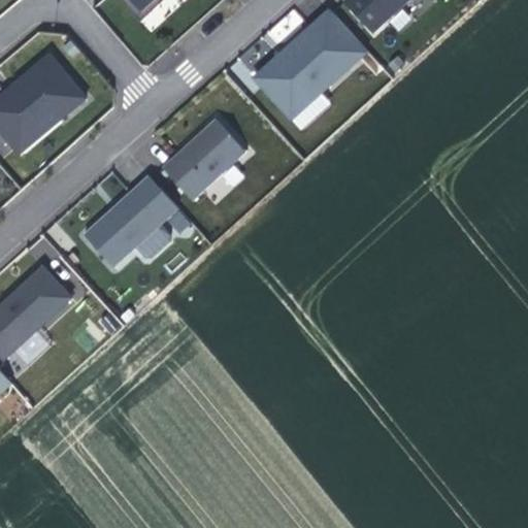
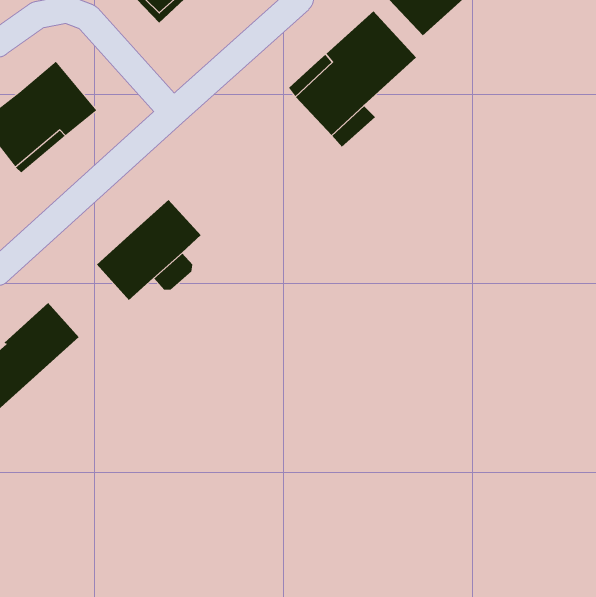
building: [163,120,244,199] -> none

